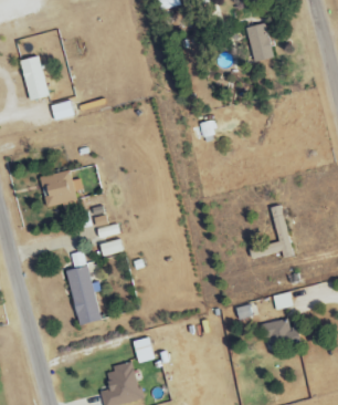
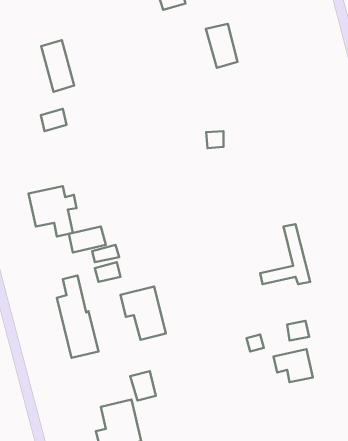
building: [245,22,274,62] -> [206,24,238,68]
building: [19,54,49,101] -> [41,40,74,92]
building: none -> [121,287,166,340]

